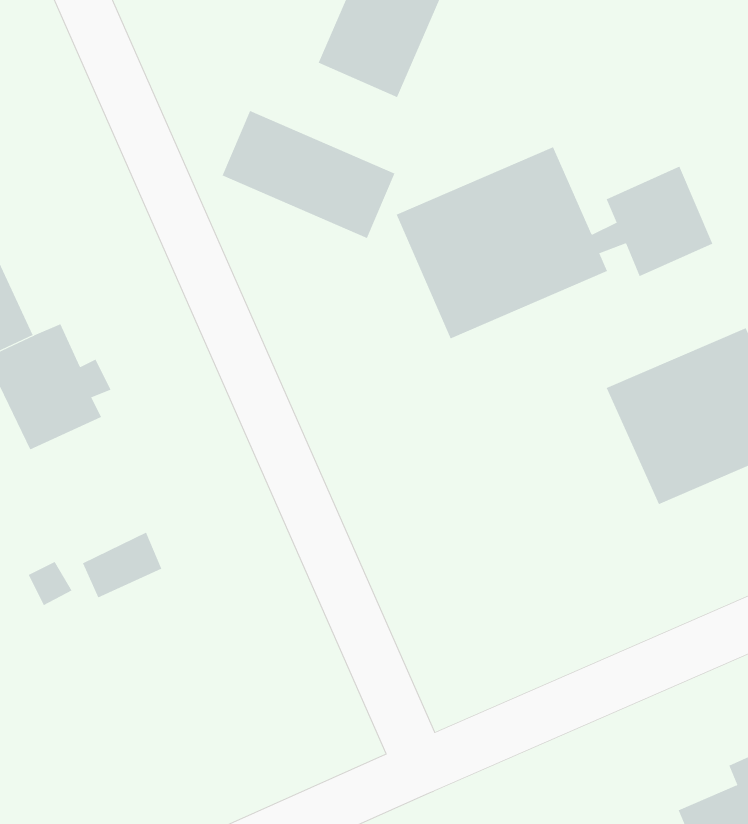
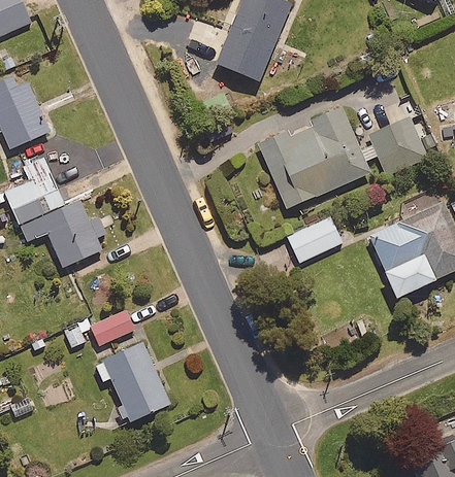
building: [222,110,395,239] -> none
building: none -> [287,217,342,263]
building: none -> [94,341,169,421]

